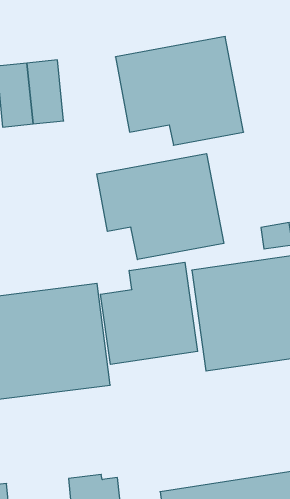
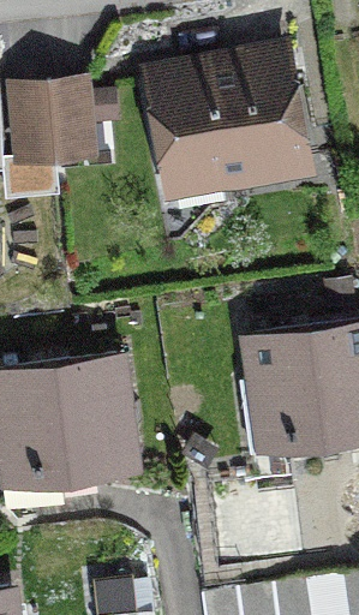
building: [97,154,224,260] -> none
building: [100,262,198,364] -> none

